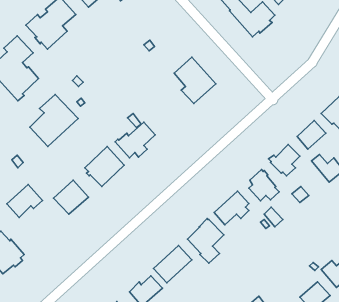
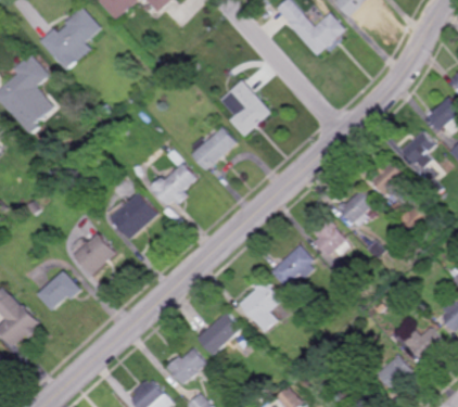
building: [30,95,78,147] -> none
building: none -> [192,128,238,169]
building: [7,184,42,217] -> [37,269,80,309]

